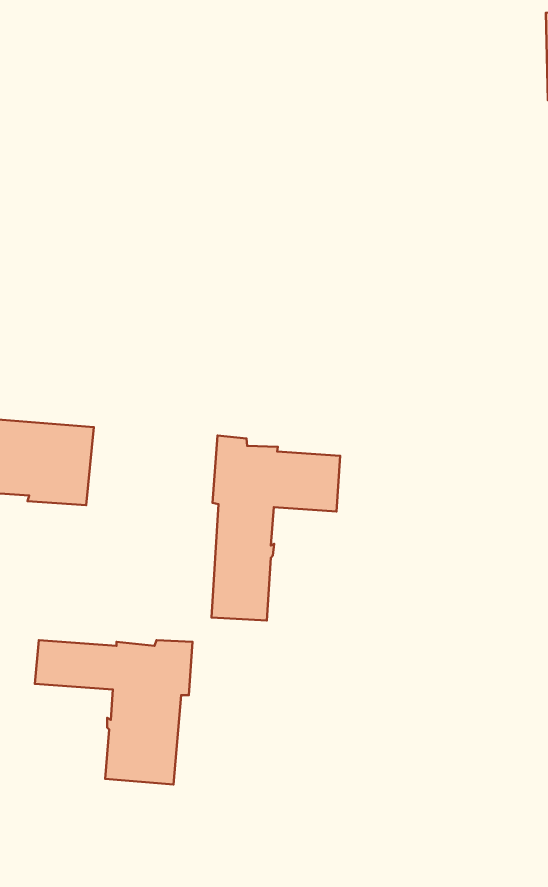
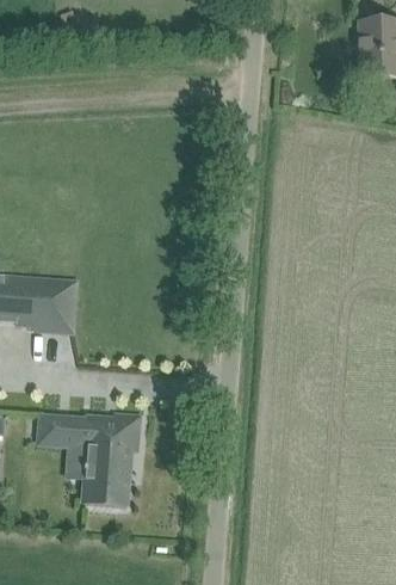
building: [211,436,340,620] -> none

